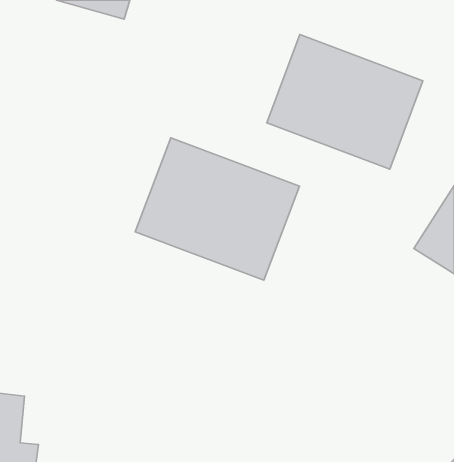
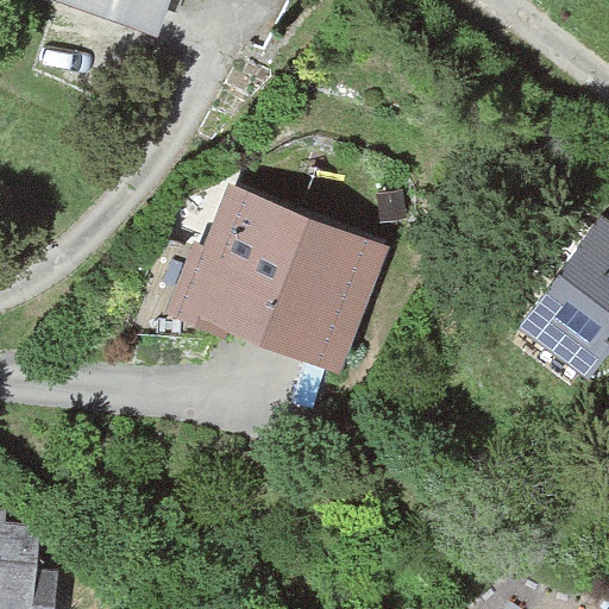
building: [267,35,423,169] -> none

